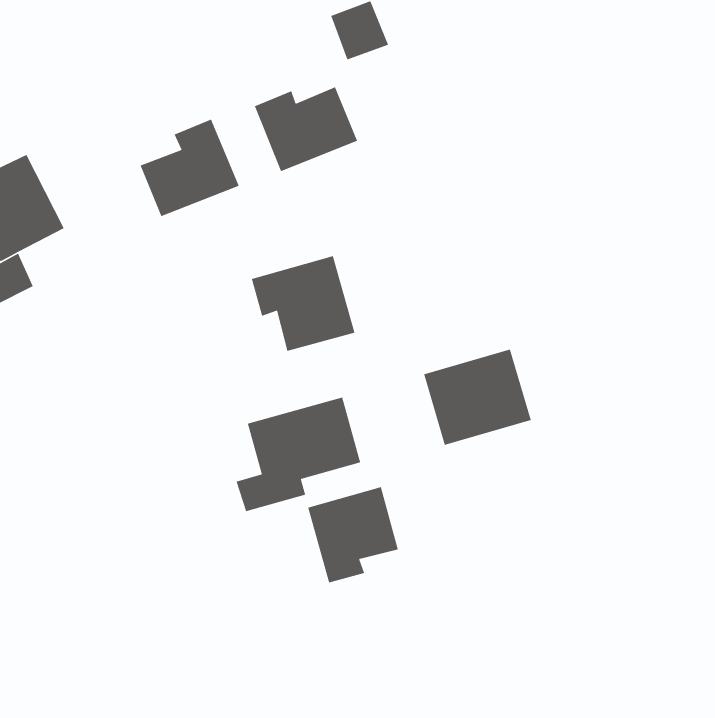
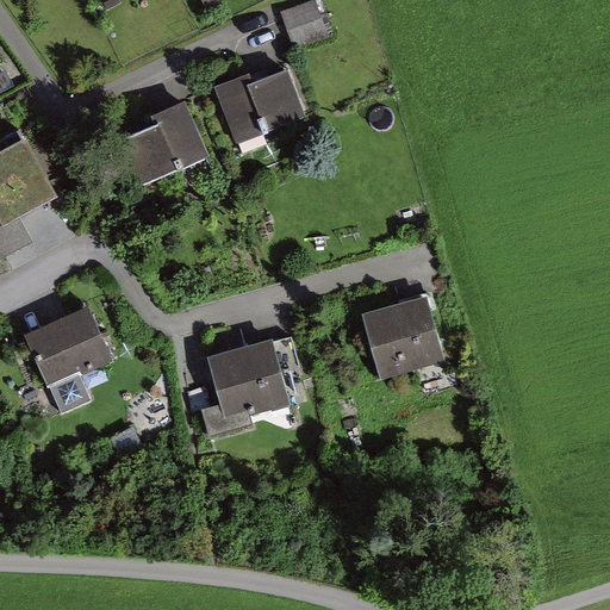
building: [251,255,356,352] -> none
building: none -> [20,310,110,400]
building: [307,486,399,584] -> none

